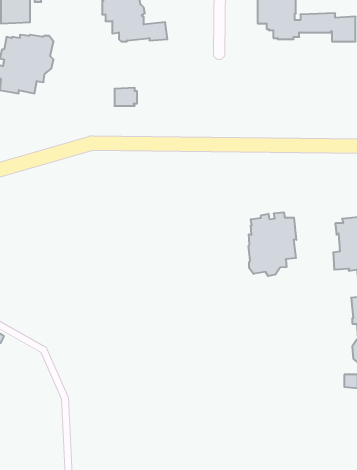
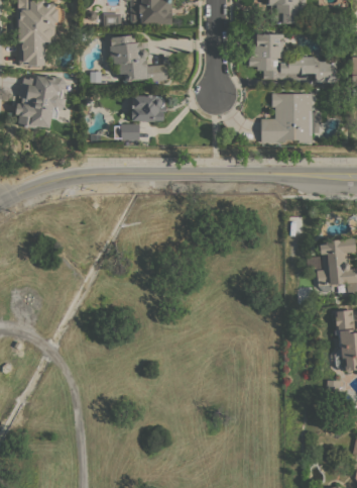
building: none -> [260,93,320,142]
building: none -> [130,95,165,121]
building: [249,212,296,276] -> none

